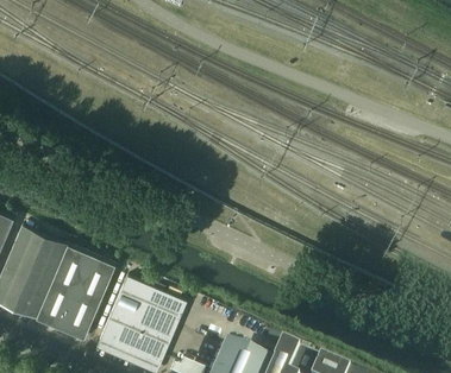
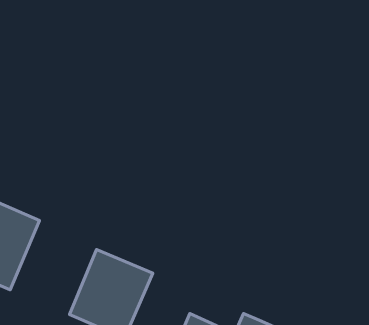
building: [36,236,115,331] -> none

